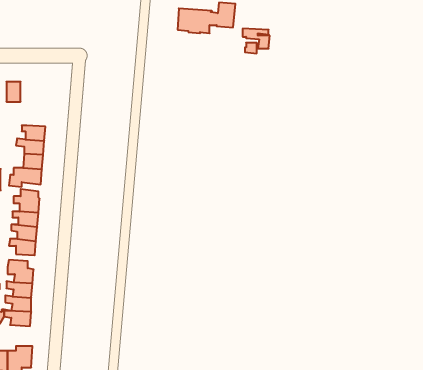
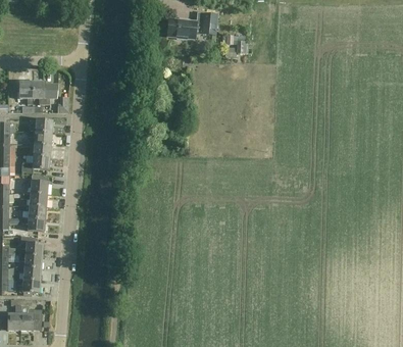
building: none -> [32,81,58,104]

